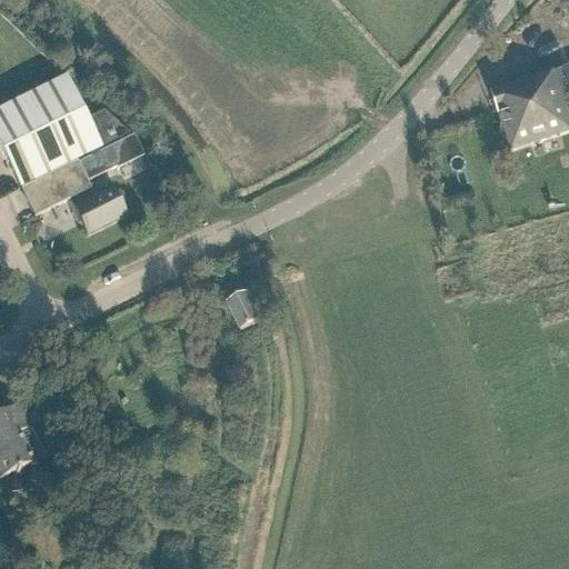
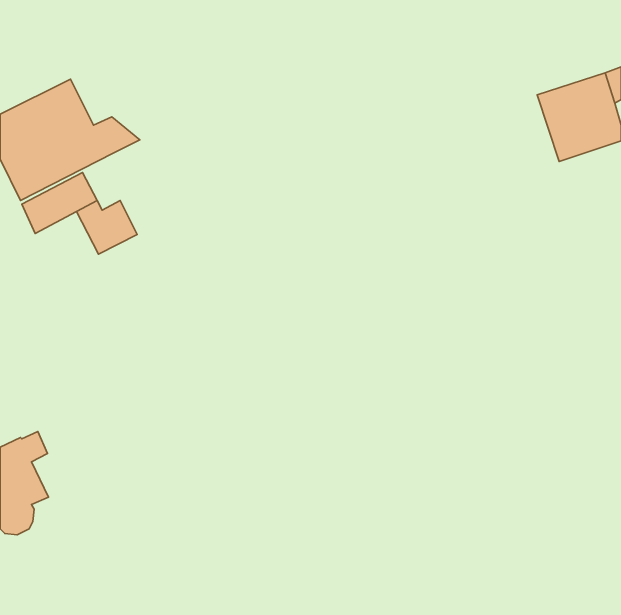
building: [78,134,134,176] -> none
building: [227,288,261,327] -> none

